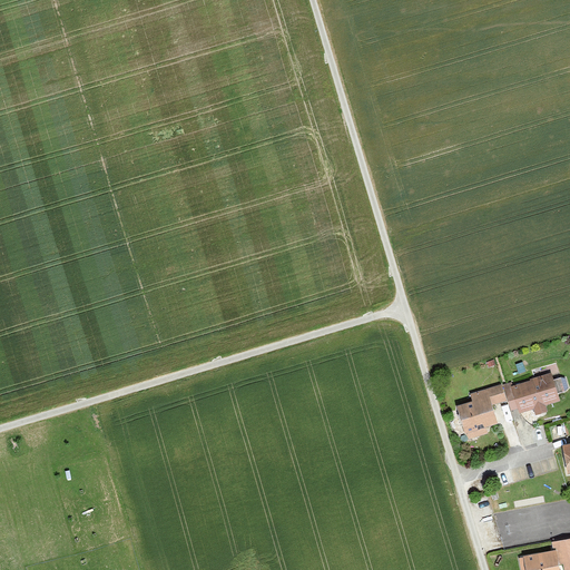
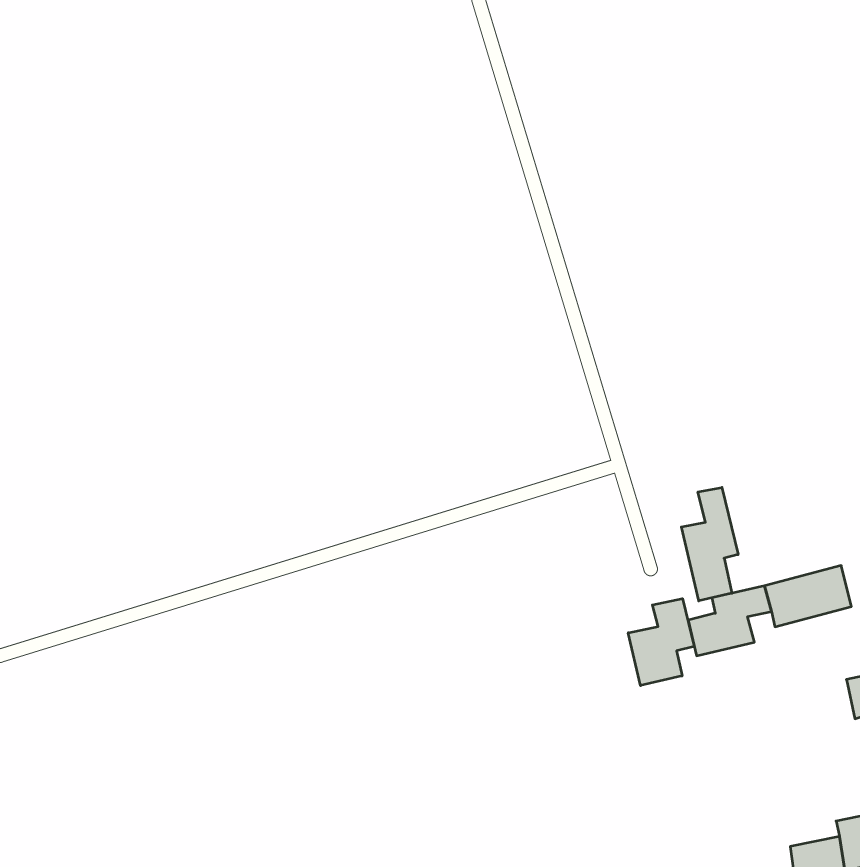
building: none -> [681,487,738,601]
building: none -> [628,599,694,686]

